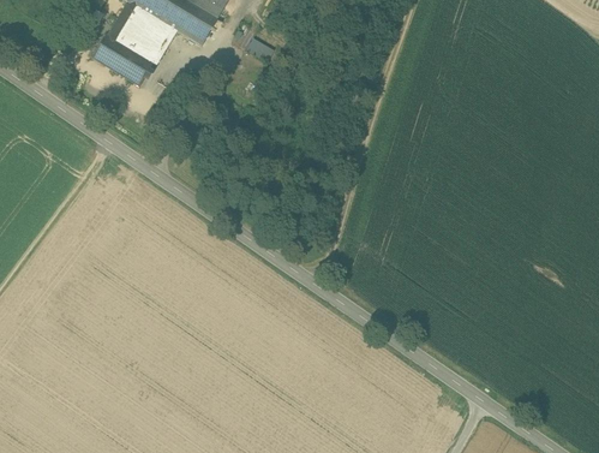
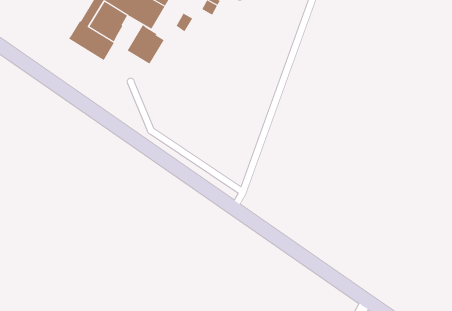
building: none -> [127,24,164,65]

